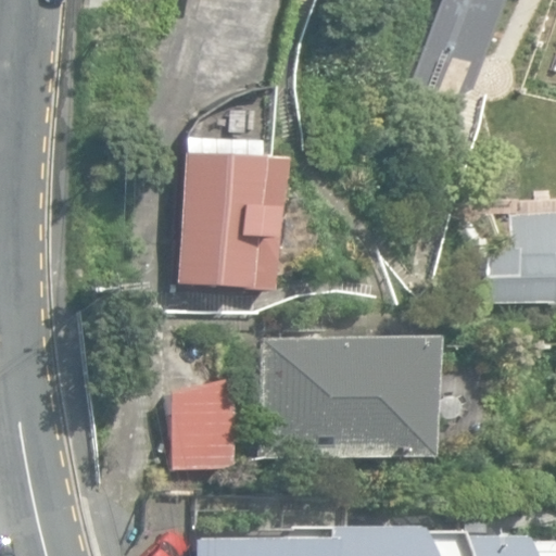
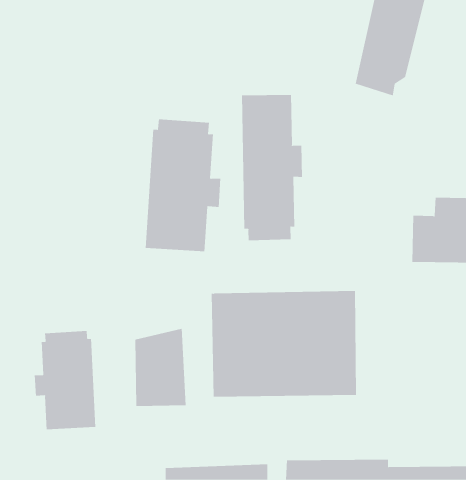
building: none -> [242,94,302,241]
building: none -> [34,330,96,430]

